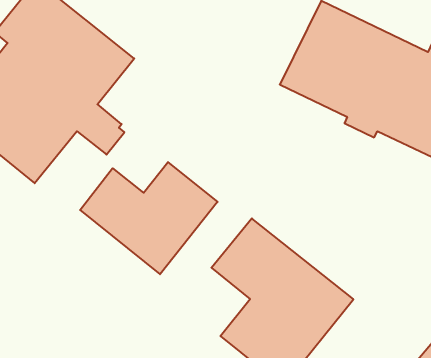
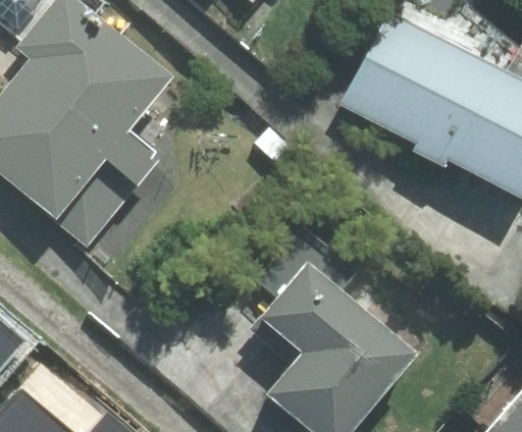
building: [80,162,218,274] -> none

